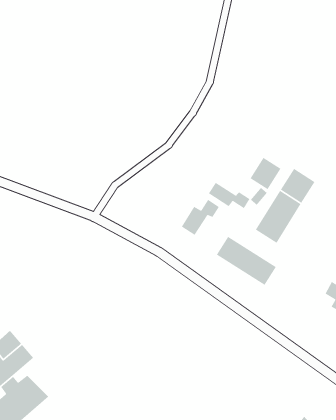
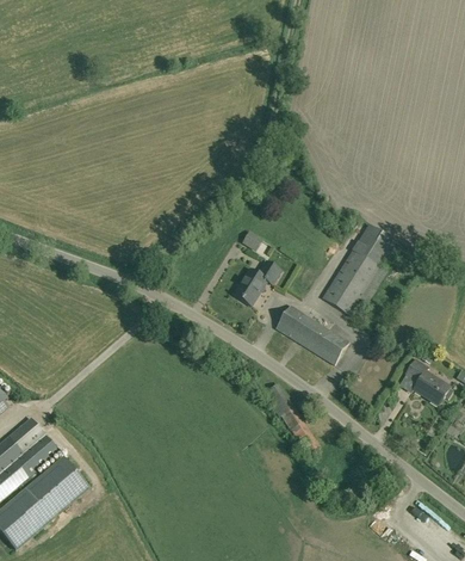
building: [249,157,282,190] -> none
building: [208,182,250,209] -> none
building: none -> [50,458,88,497]

